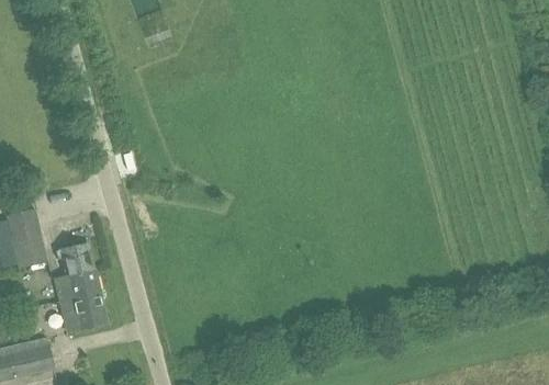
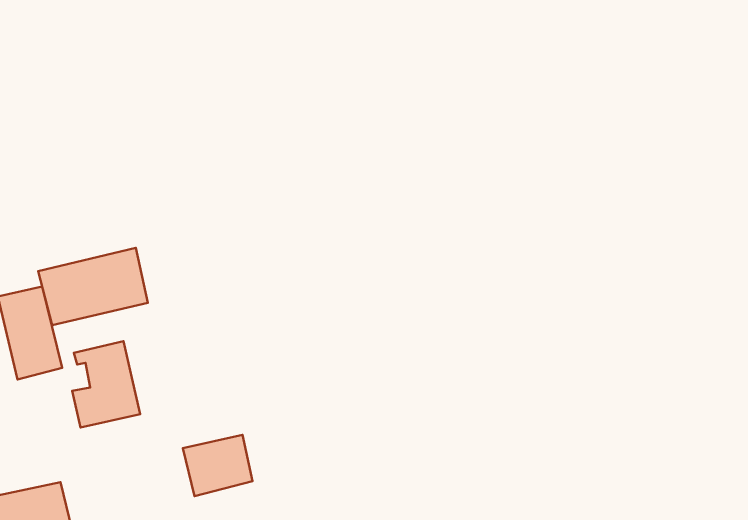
building: none -> [38,248,148,325]
building: [58,293,104,333] -> [183,435,253,496]

